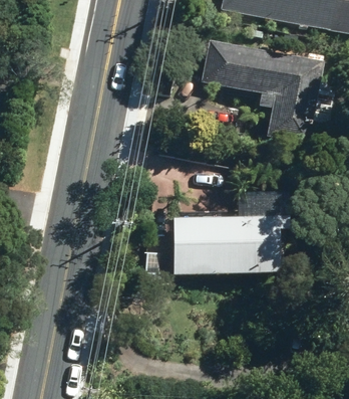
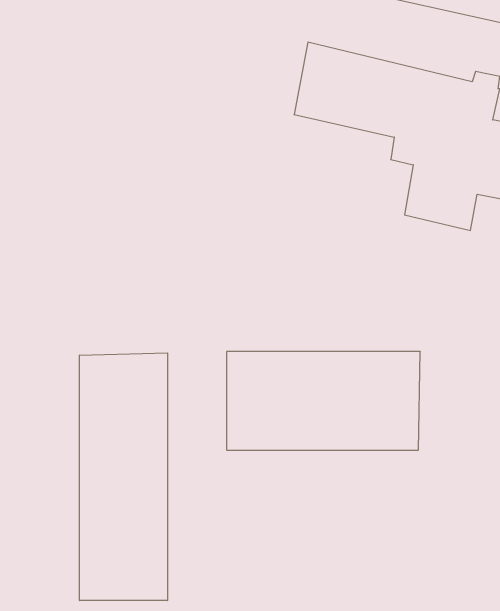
building: none -> [80,353,167,601]

